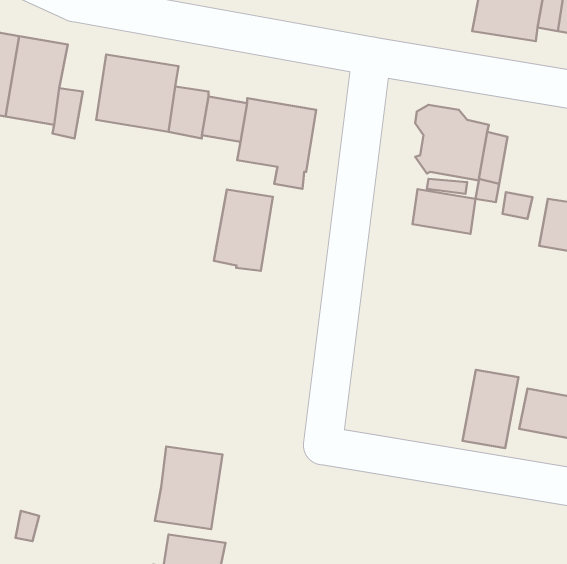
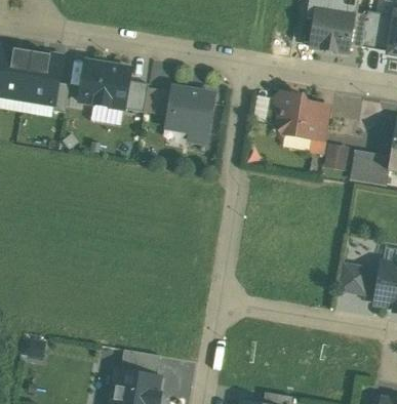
building: [413,189,476,234] -> none
building: [214,190,273,271] -> none
building: [462,370,519,448] -> none
building: [155,446,223,529] -> none

